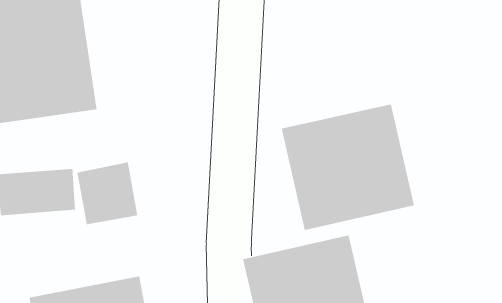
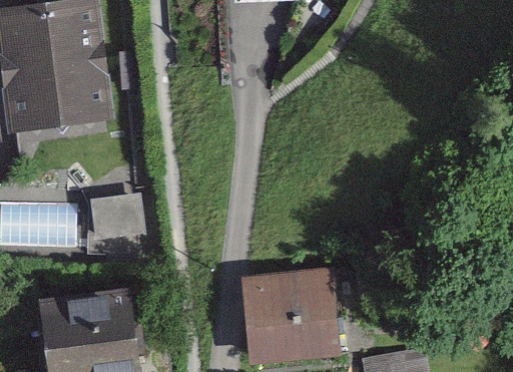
building: [281,103,415,231] -> none

